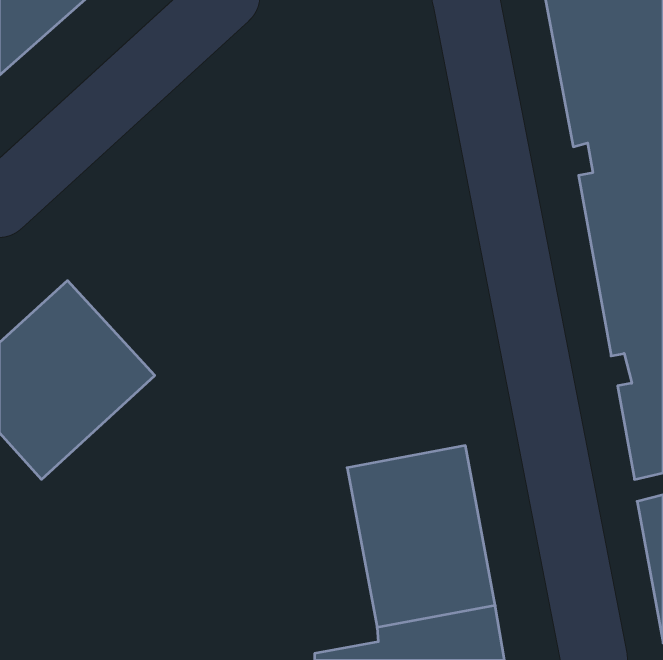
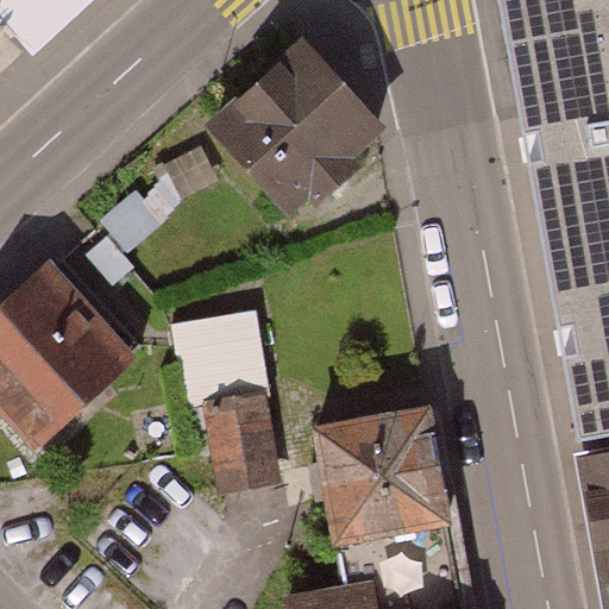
building: none -> [216,46,377,206]
building: none -> [171,309,272,485]

